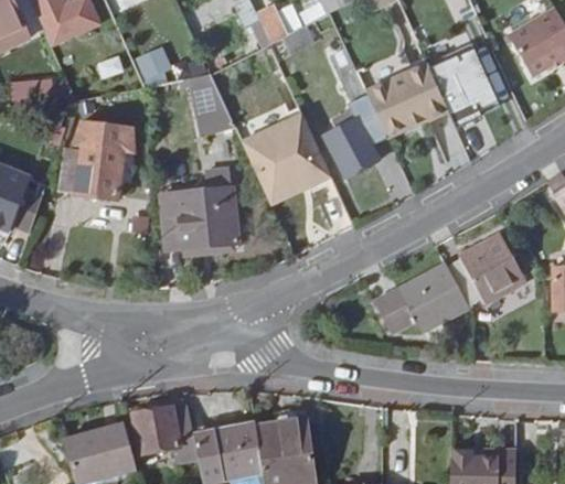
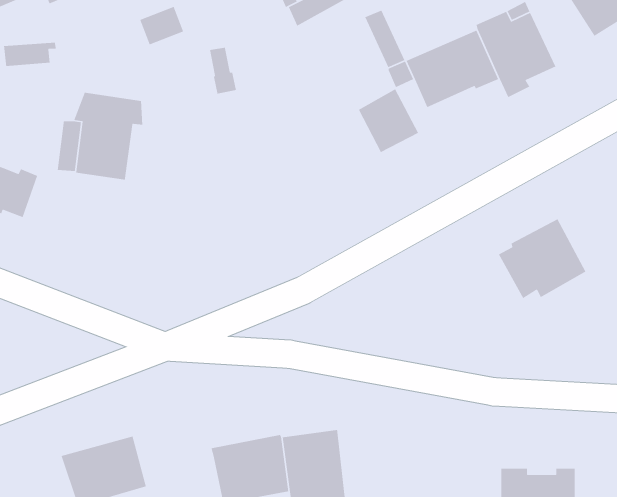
building: [238,108,330,202] -> none
building: [159,187,239,249] -> none
building: [375,261,470,333] -> none
building: [134,406,196,455] -> none

